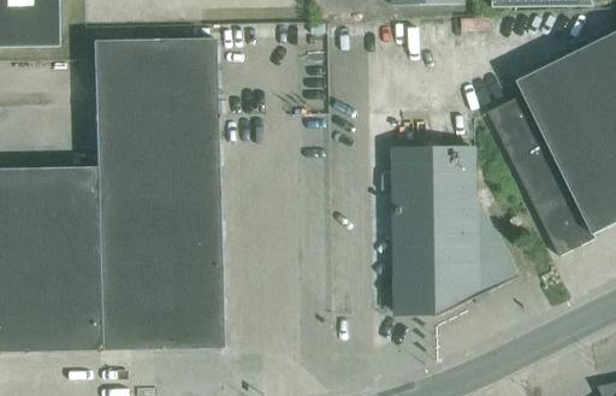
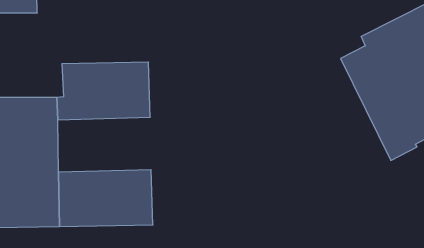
building: [93,37,217,118] -> none
building: [381,147,515,315] -> none
building: [88,194,220,272] -> none

